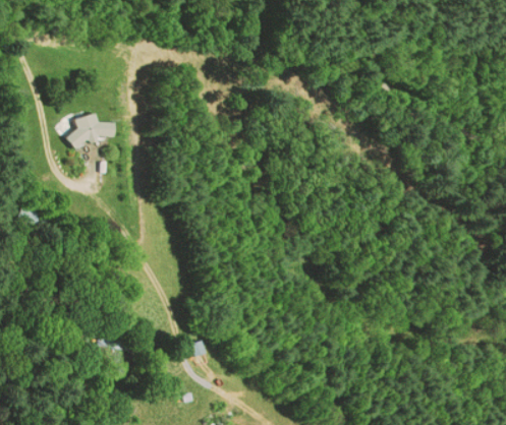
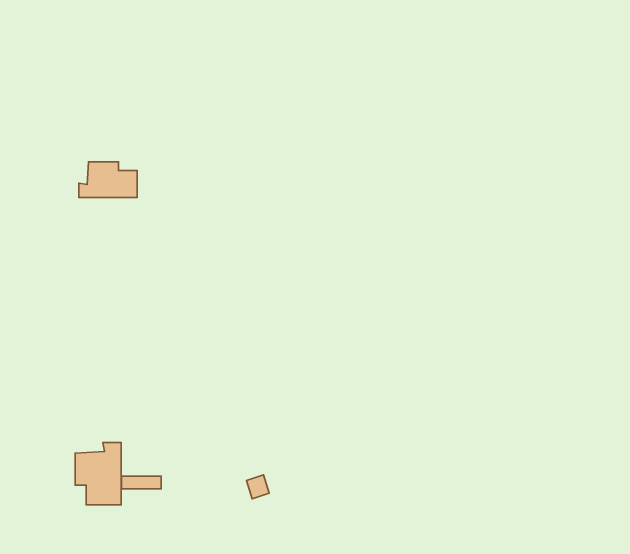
building: none -> [75,442,121,505]

